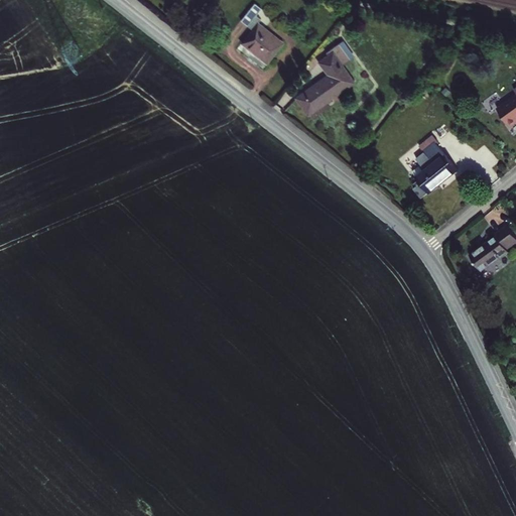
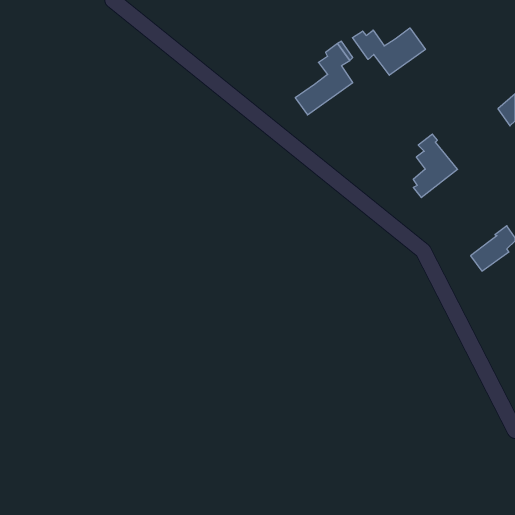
building: [240,4,282,62] -> none
building: none -> [352,28,425,75]

